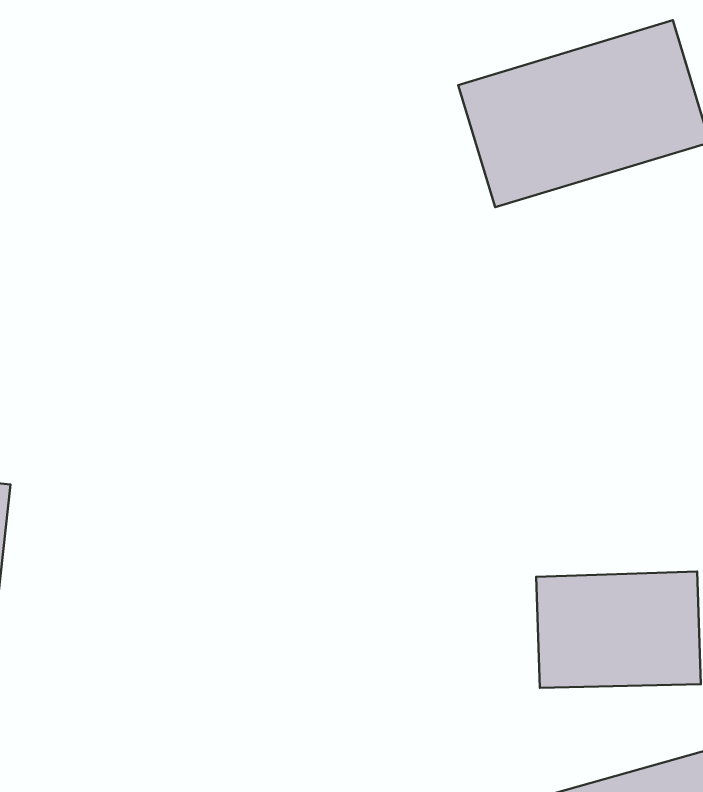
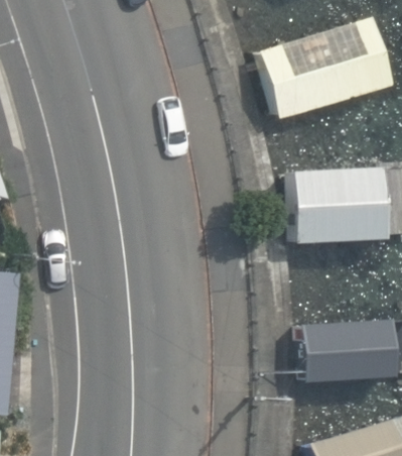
building: none -> [288,168,385,245]

